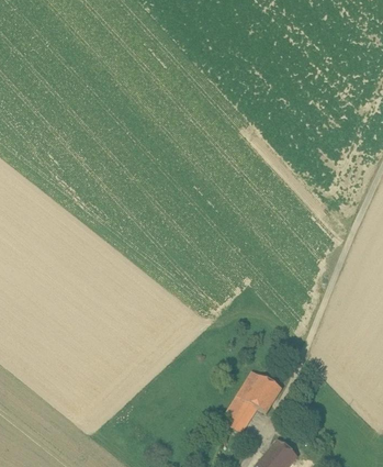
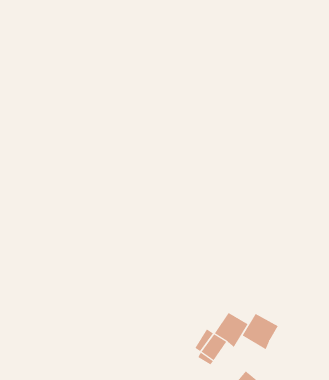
building: none -> [242,313,279,350]

